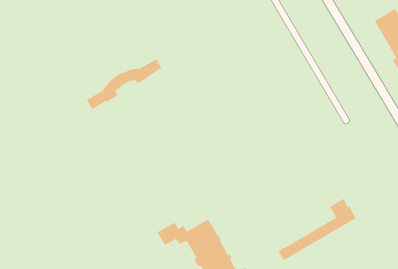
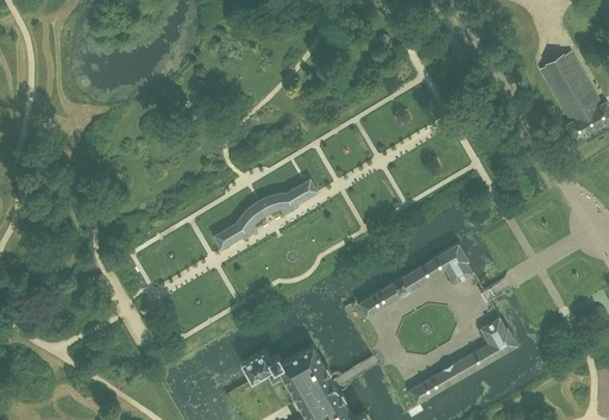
building: [86,58,162,110] -> [213,177,319,249]
building: none -> [358,242,473,316]

